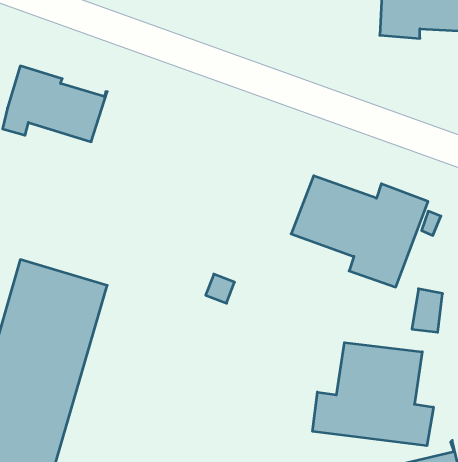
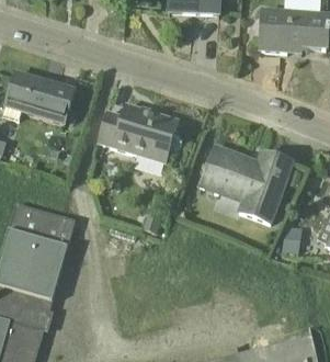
building: none -> [98,104,182,162]
building: [313,343,433,446] -> none

